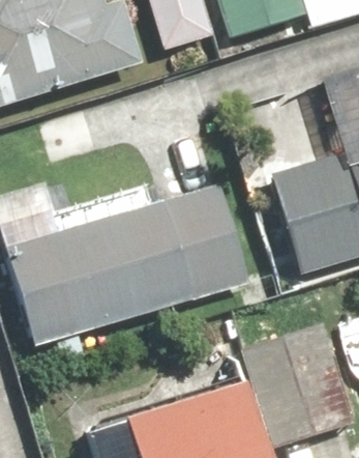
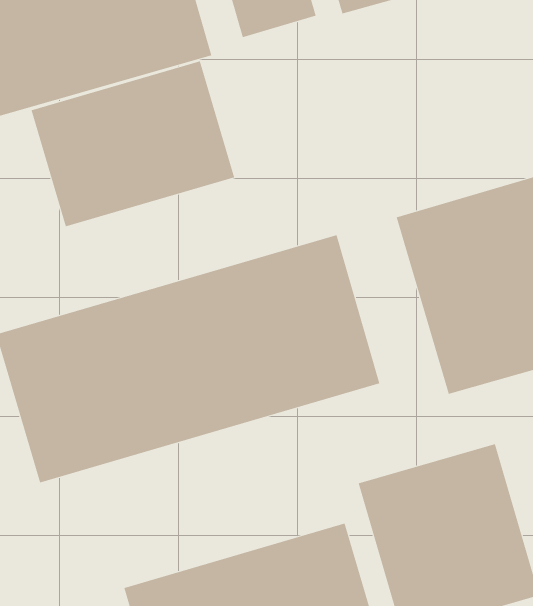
building: none -> [31,61,235,227]

